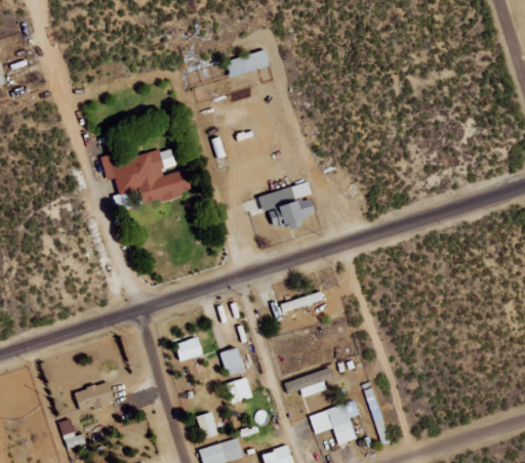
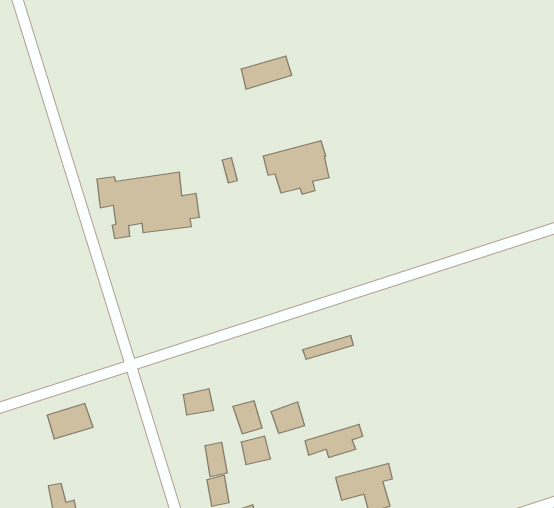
building: [257,182,315,228] -> [263,141,329,194]
building: none -> [271,402,305,433]
building: [74,381,114,412] -> [47,403,93,439]
building: none -> [205,442,227,477]

